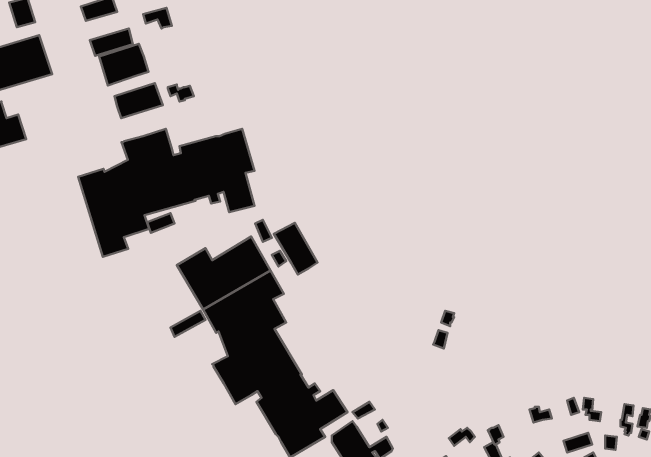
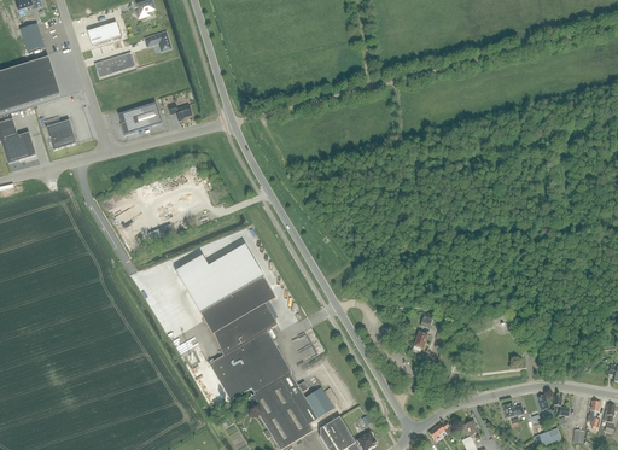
building: [99,44,148,85] -> none
building: none -> [46,119,76,150]
building: [78,129,254,257] -> none
building: [274,223,318,275] -> none

